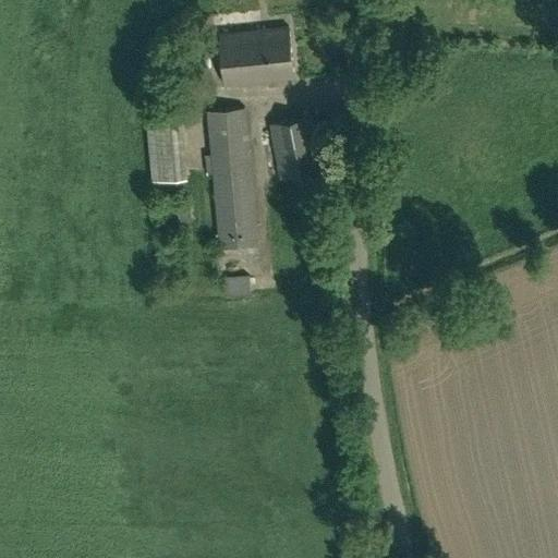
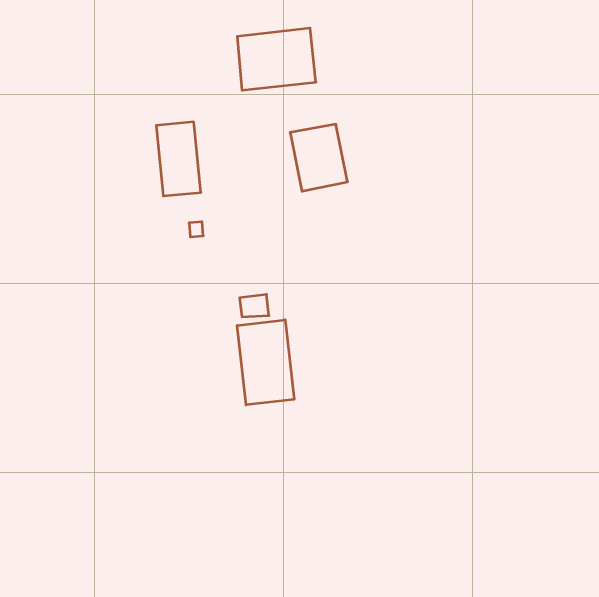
building: [207,110,256,248] -> none
building: none -> [237,320,294,405]

